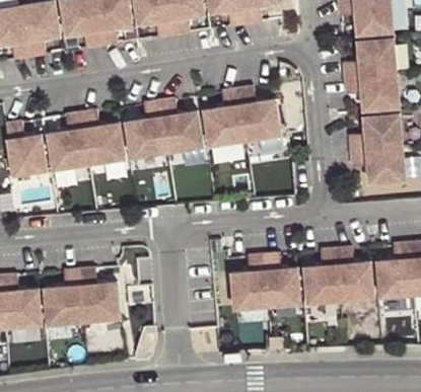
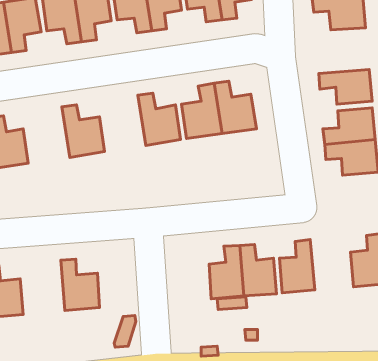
building: [343,37,397,78] -> none
building: [126,100,167,157] -> none
building: [48,112,89,169] -> none
building: [336,247,373,300] -> none
building: [45,269,84,324] -> none

